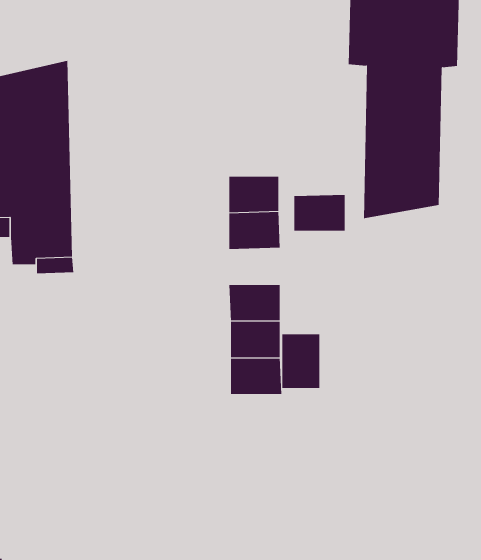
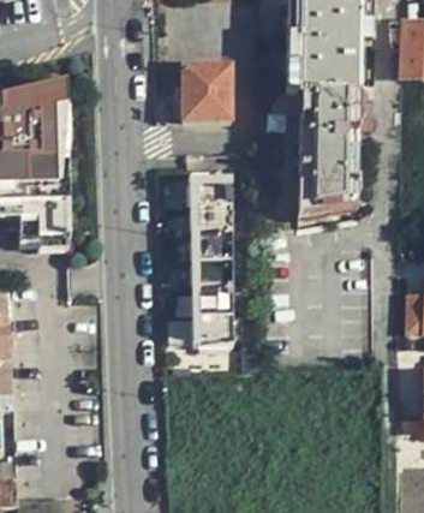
building: none -> [183,65,228,121]
building: [293,194,345,231] -> [191,234,232,263]
building: [282,334,320,389] -> none

